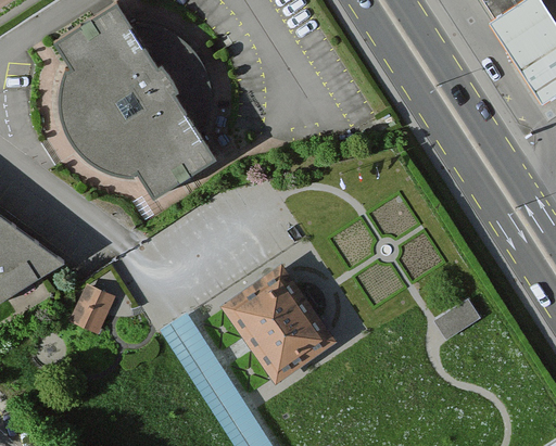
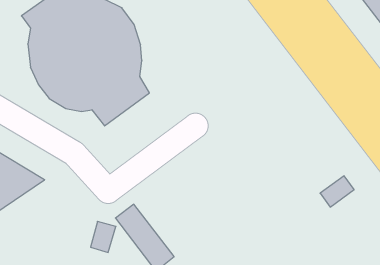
building: [219,267,338,388] -> none
building: [72,288,108,330] -> [91,221,116,252]

